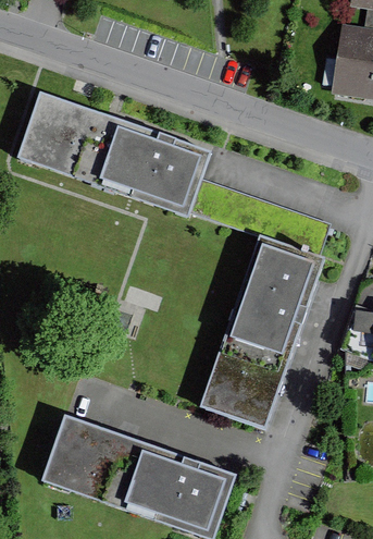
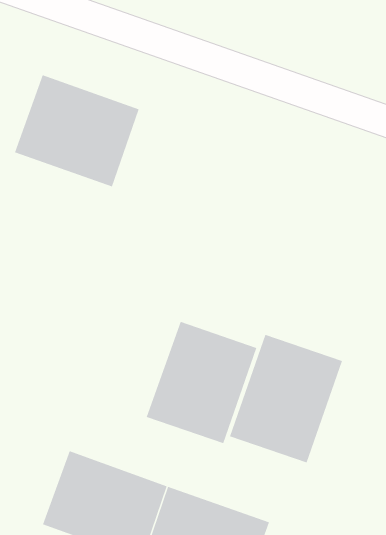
building: [101,123,210,219] -> none
building: [231,233,325,338] -> [146,321,257,444]

